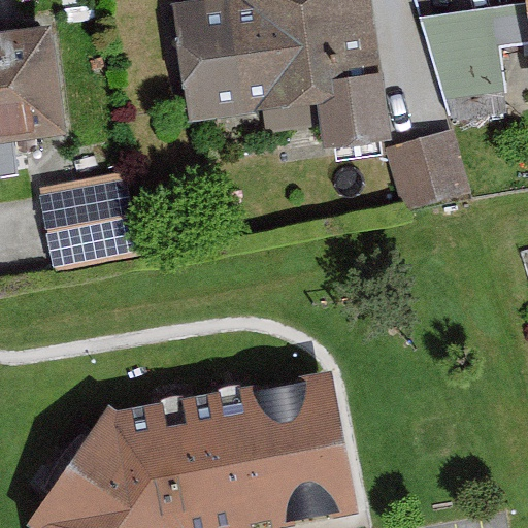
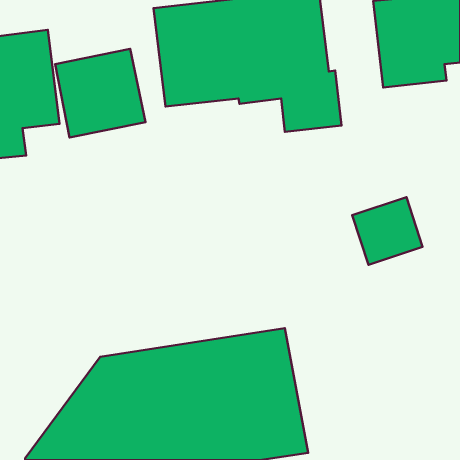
building: [381,132,461,209] -> [352,197,423,265]
building: [35,172,138,273] -> [55,49,145,137]

